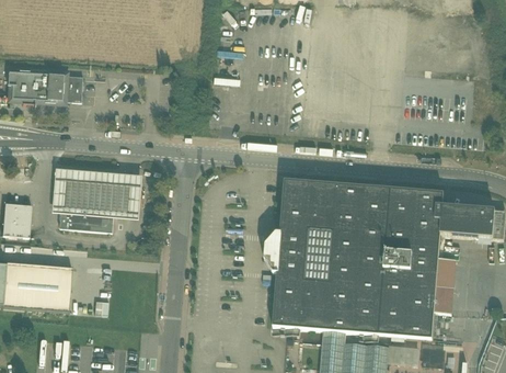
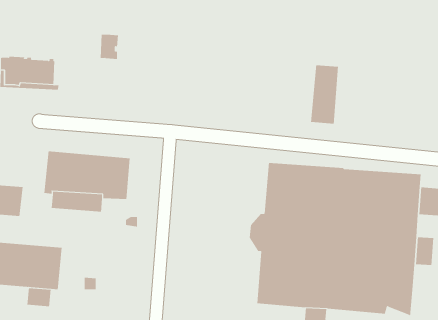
building: [64,75,83,101] -> [100,34,119,60]
building: none -> [311,64,338,124]
building: [435,285,455,313] -> none
building: none -> [27,287,51,307]

